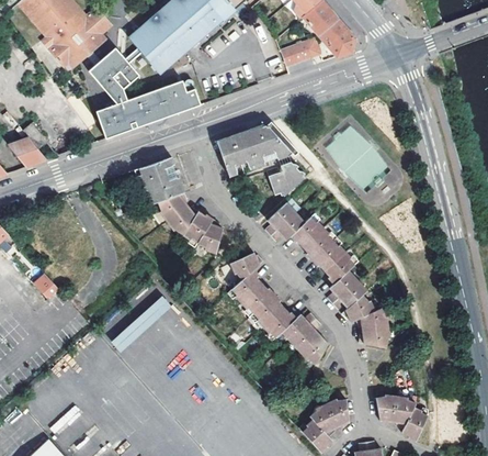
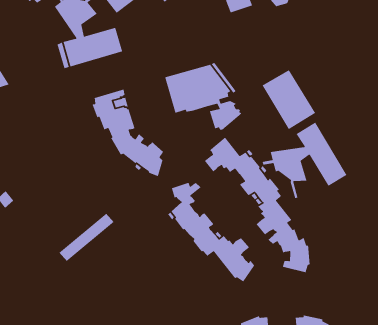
building: [159,79,198,114] -> none
building: none -> [262,122,348,199]

